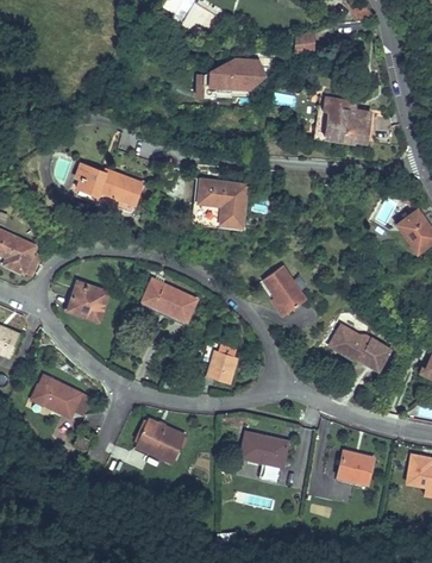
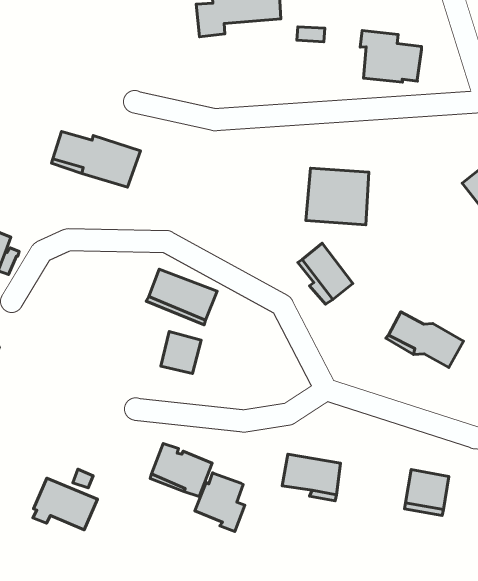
building: [195,179,248,226] -> [306,168,369,225]
building: [68,281,109,320] -> none
building: [206,349,239,383] -> [161,331,201,373]
building: [31,375,83,418] -> [33,478,97,530]
building: none -> [195,473,245,531]

